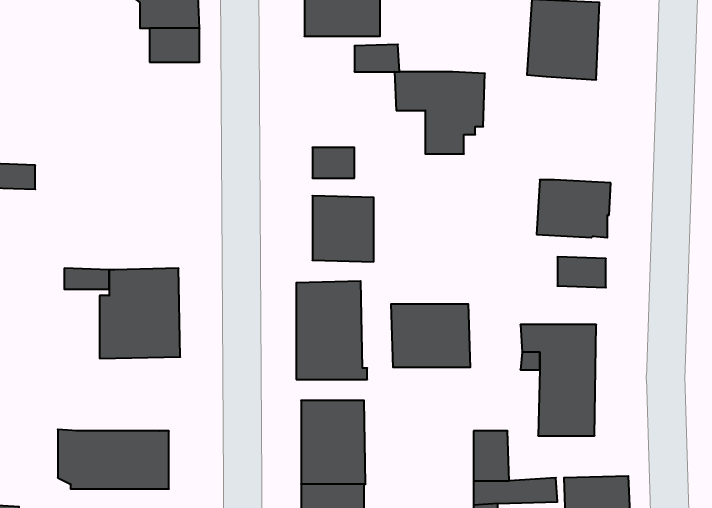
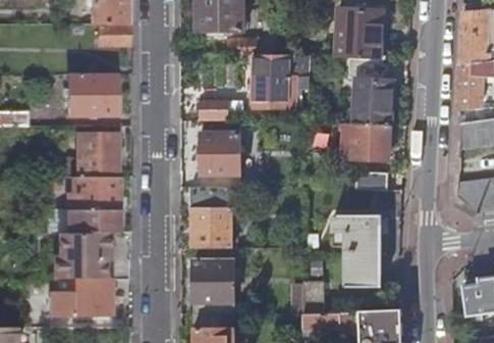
building: none -> [348,56,392,124]
building: none -> [67,76,116,116]
building: none -> [76,135,117,179]
building: [391,304,470,367] -> none
building: none -> [52,234,111,281]

